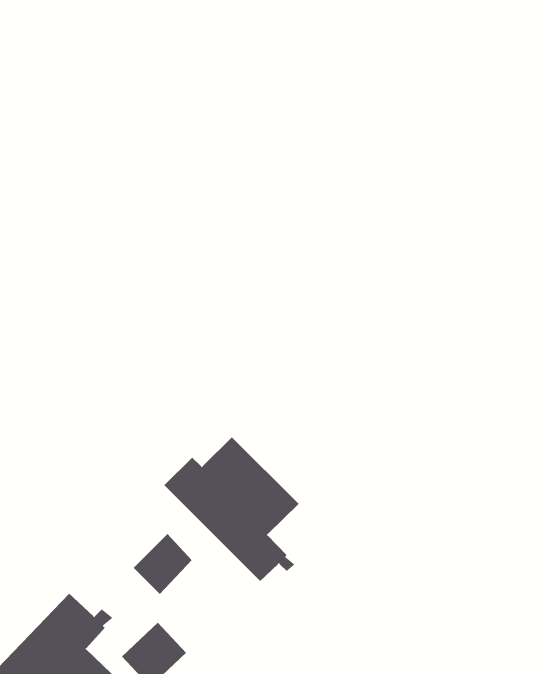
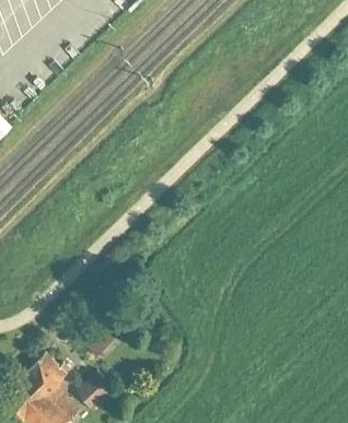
building: [163,437,299,582] -> none

